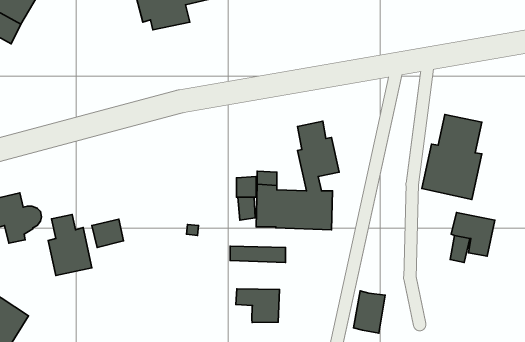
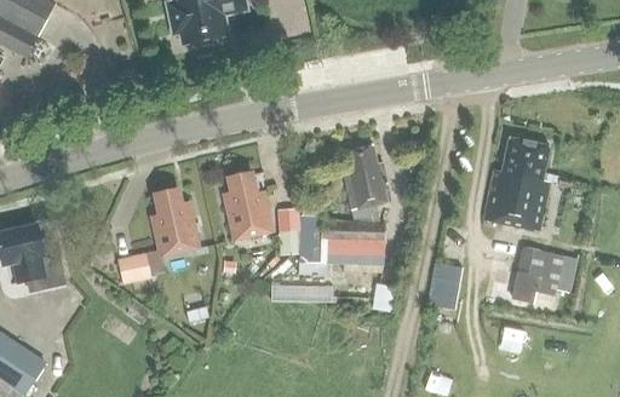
building: none -> [223,173,272,240]
building: [48,215,92,275] -> [151,189,200,257]
building: [236,289,279,322] -> none
building: [354,291,385,333] -> [427,261,463,309]

